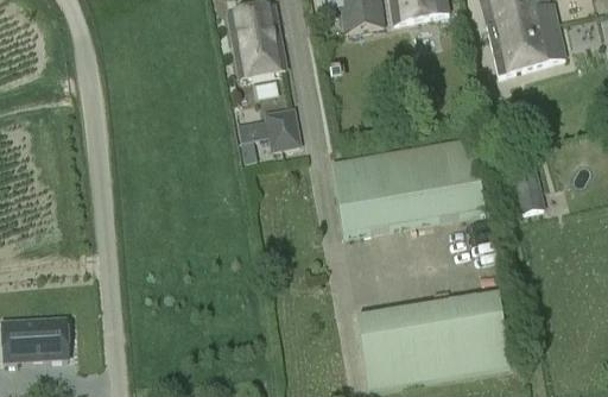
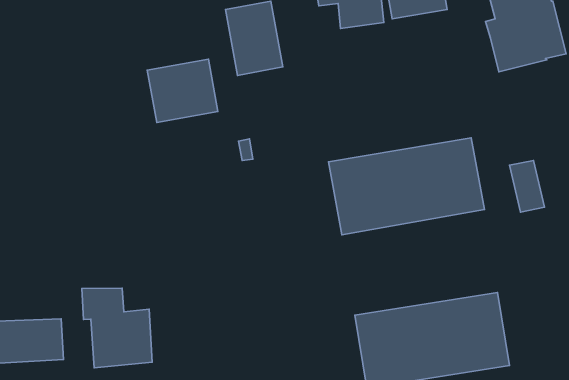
building: none -> [147,59,218,122]
building: [265,109,299,150] -> none
building: none -> [82,288,152,368]

